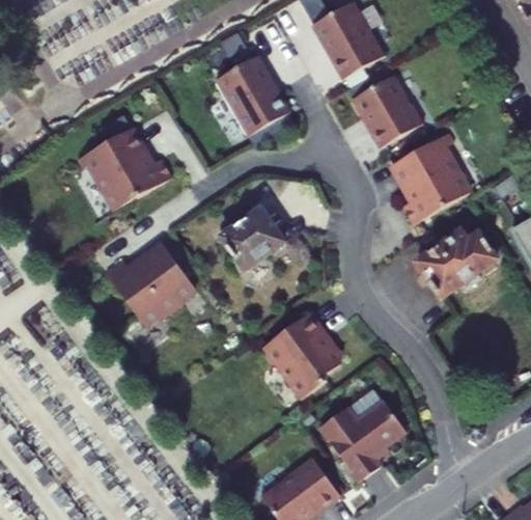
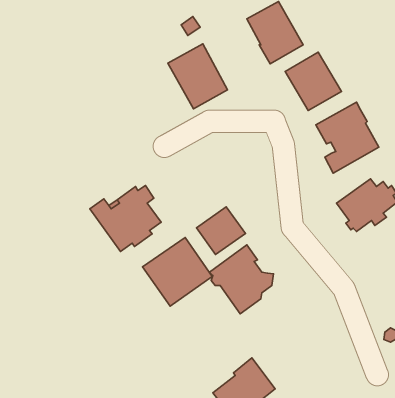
building: [73,130,167,211] -> none
building: [219,216,280,275] -> [196,207,245,254]
building: none -> [143,238,212,306]
building: [322,393,408,475] -> none

